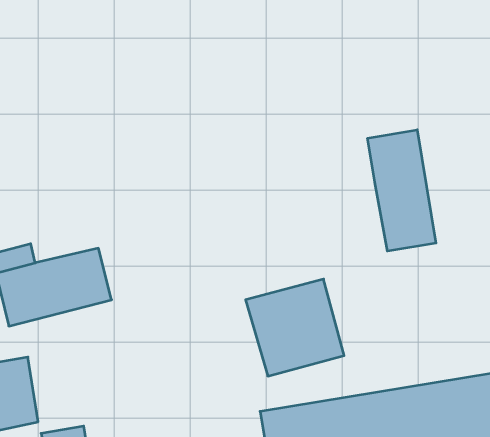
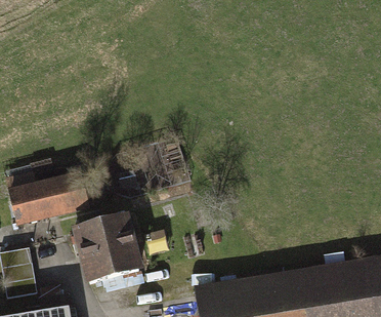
building: [368,130,436,251] -> none
building: [246,279,344,376] -> [73,220,141,287]

